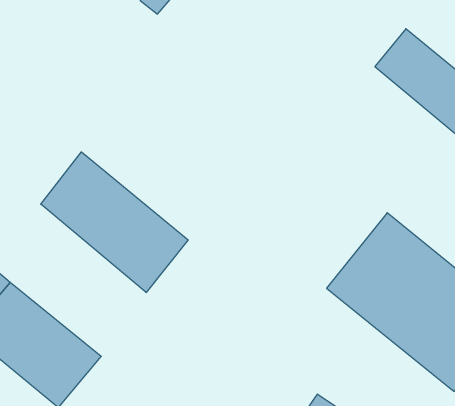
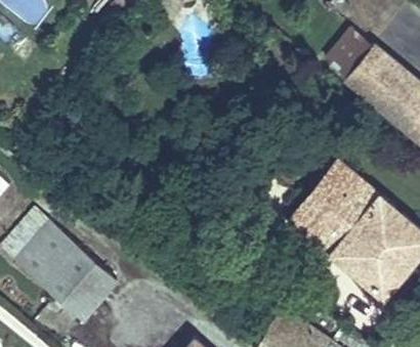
building: [41,152,188,293] -> none

